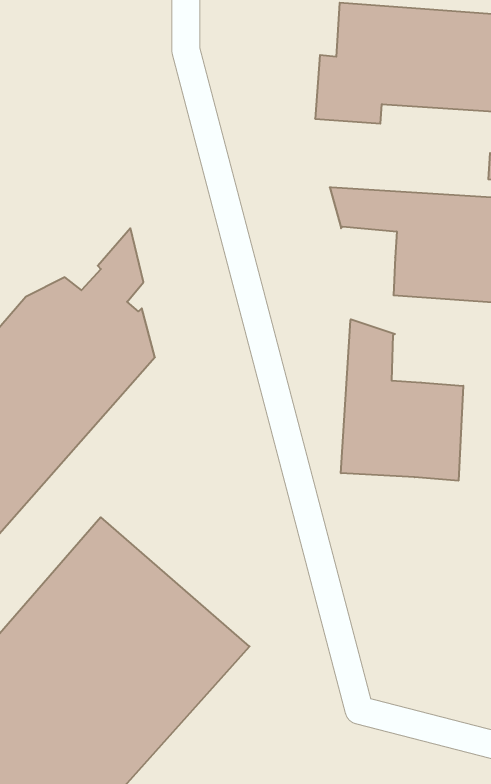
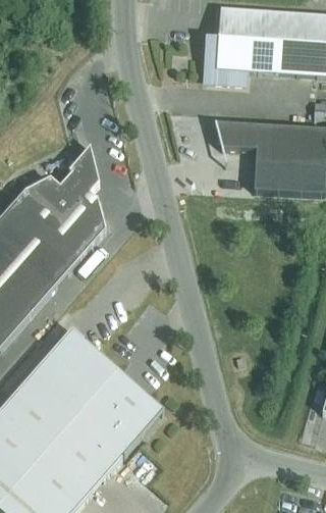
building: [341,319,463,481] -> none

